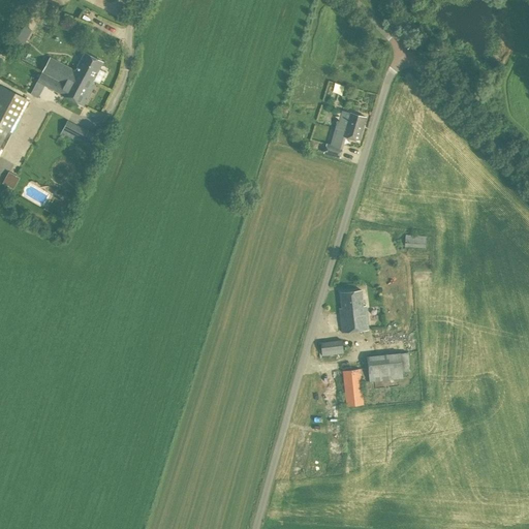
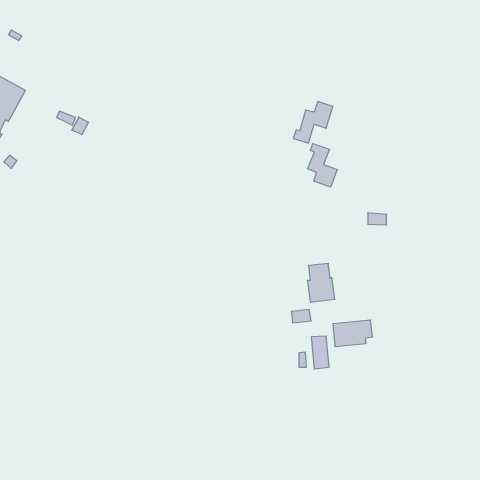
building: [40,52,101,105] -> none
building: none -> [307,143,337,187]

